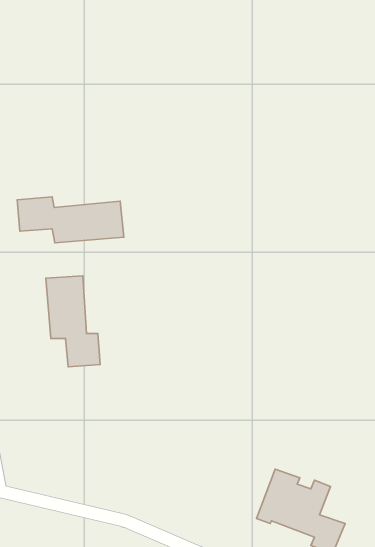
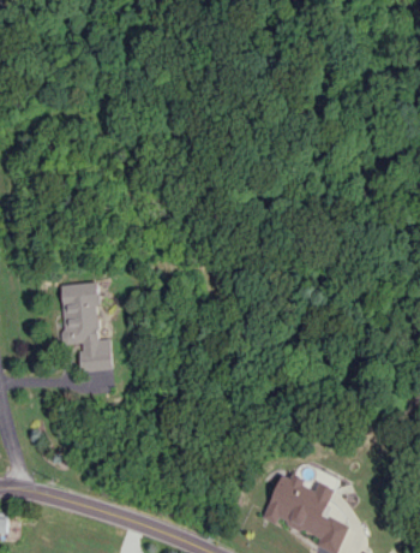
building: [17,197,124,243] -> none

